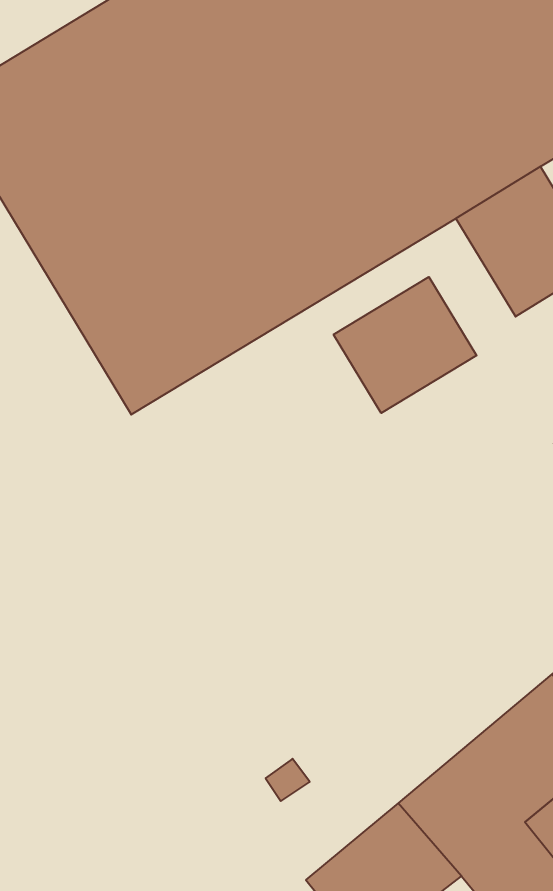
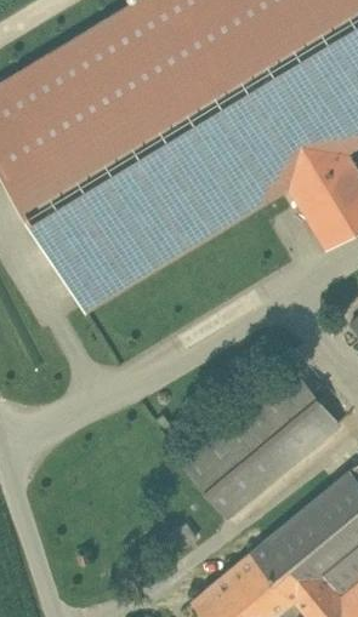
building: [334,277,477,413] -> none
building: none -> [183,371,339,516]

